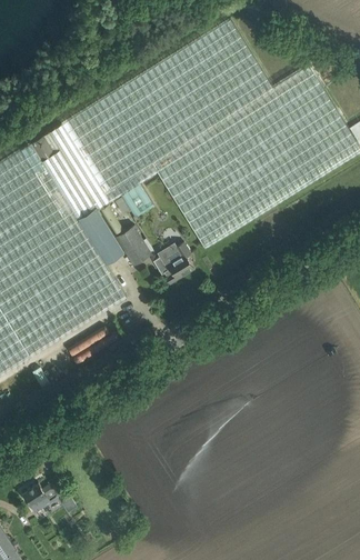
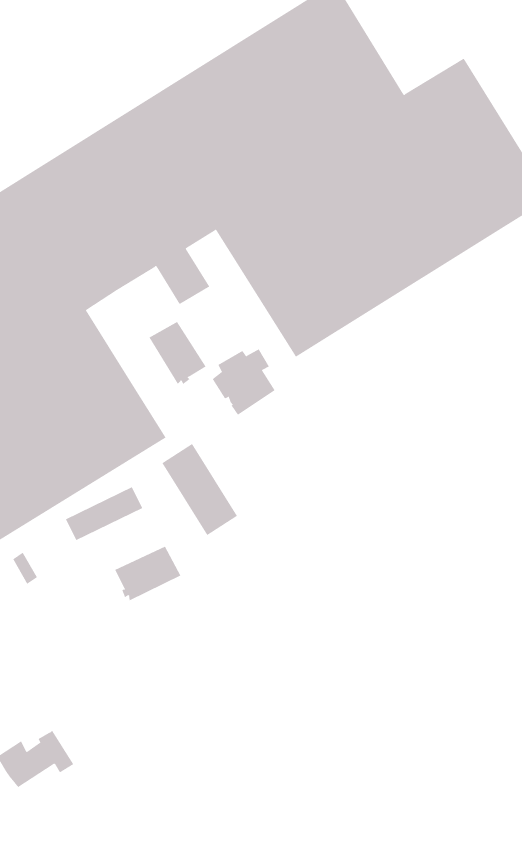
building: [78,207,124,263] -> [162,443,238,536]
building: none -> [115,546,181,601]

